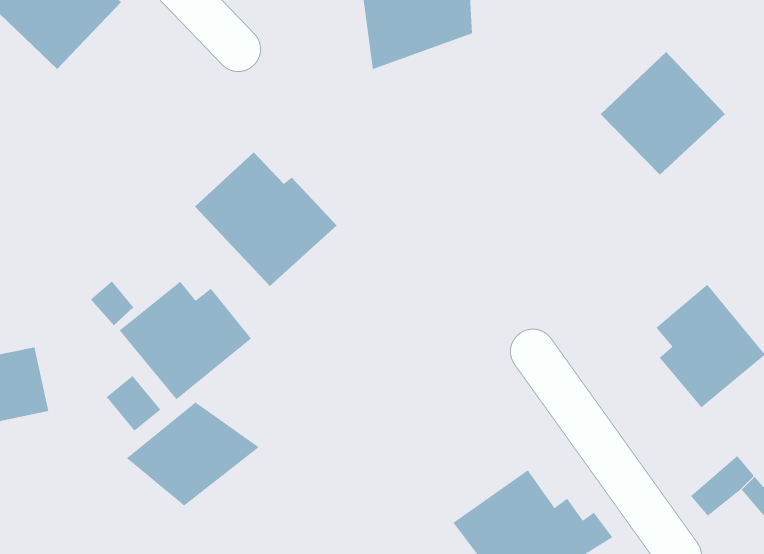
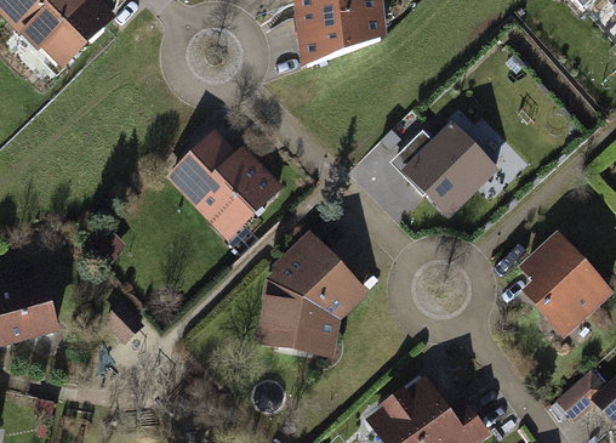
building: [600,51,726,176] -> [395,120,492,216]
building: none -> [252,228,367,354]
building: [119,281,252,400] -> none
building: [126,401,260,506] -> none

